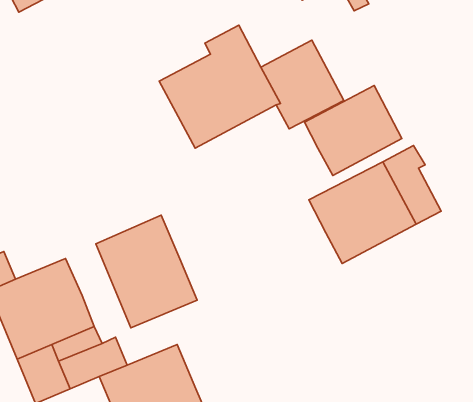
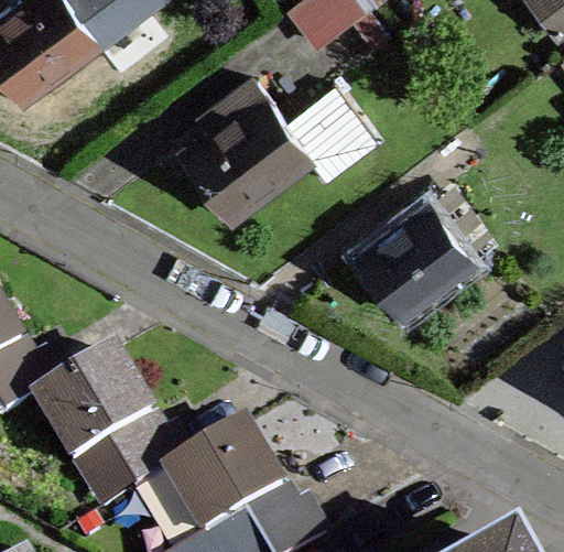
building: [304,85,402,176] -> none
building: [96,215,197,328] -> none

